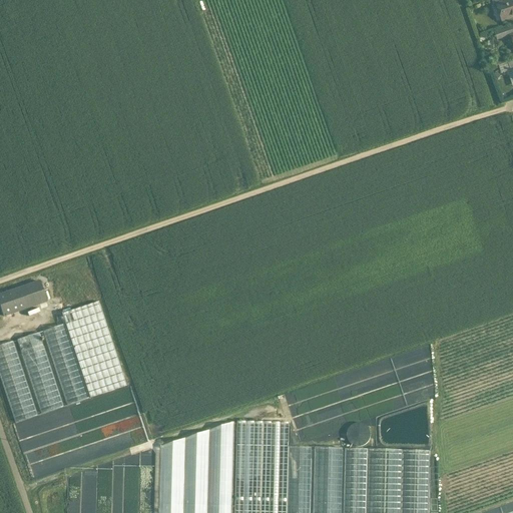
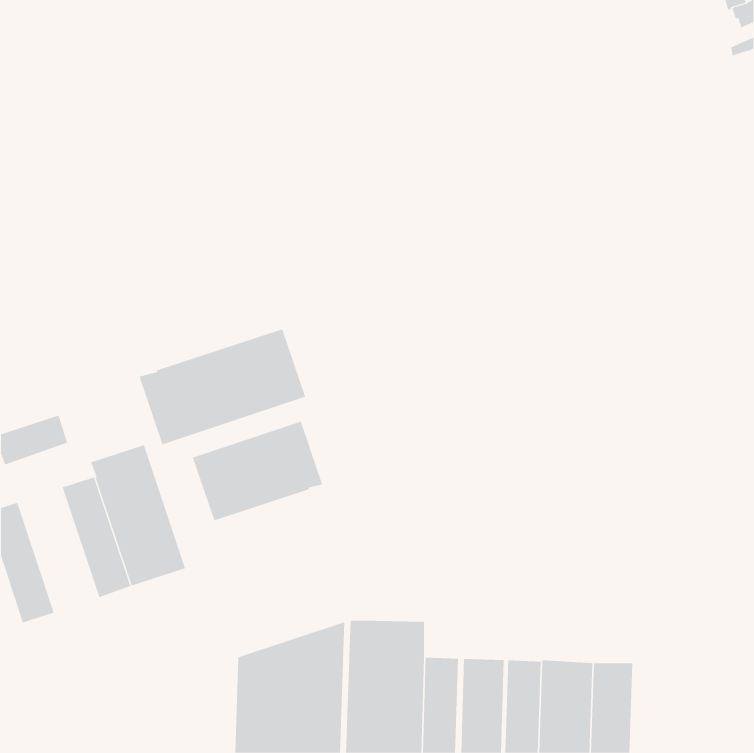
building: none -> [139,328,306,445]
building: none -> [192,421,323,521]
building: [16,333,63,414] -> none

